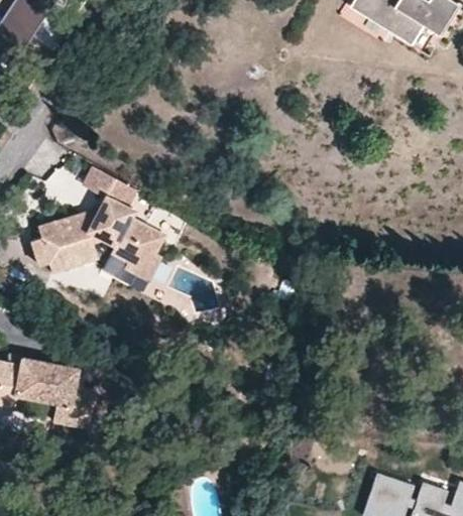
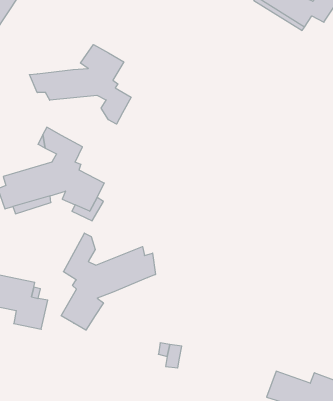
building: none -> [29,45,131,124]
building: none -> [61,233,155,330]

